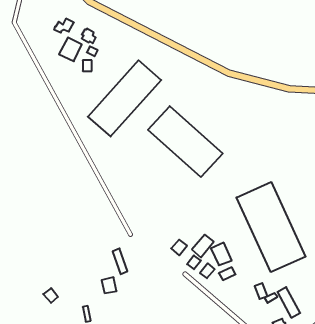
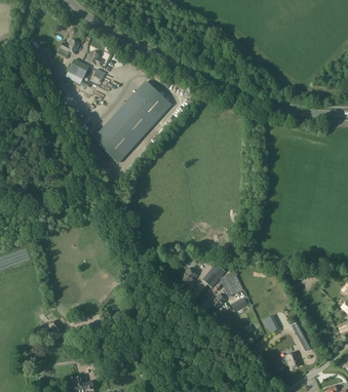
building: [148,106,223,177] -> none
building: [236,182,306,272] -> none

